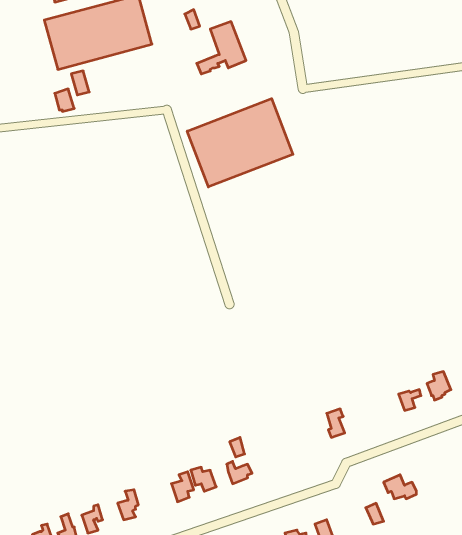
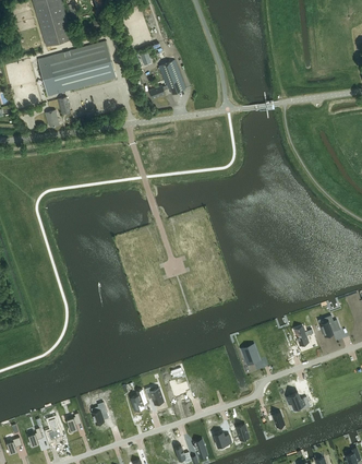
building: [187,99,293,187] -> none

